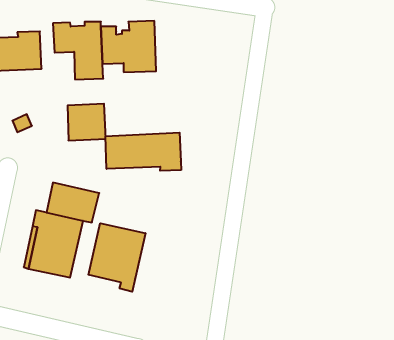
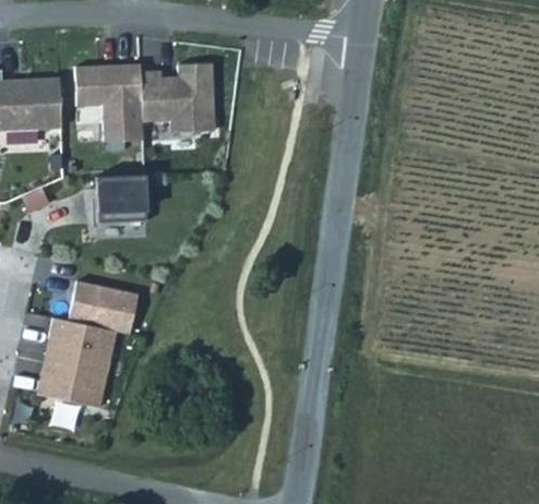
building: [106,133,181,171] -> none
building: [88,223,145,292] -> none

